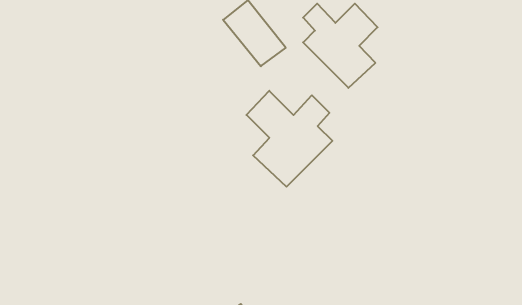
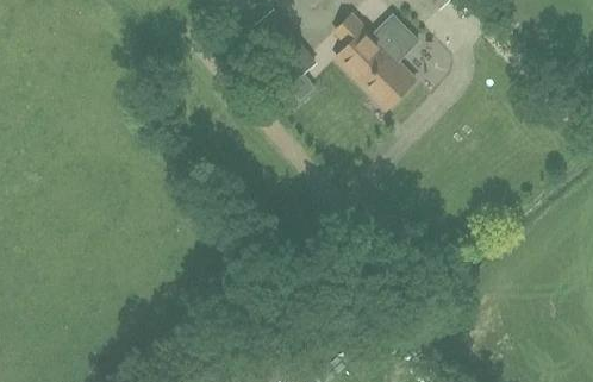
building: [246,91,332,187] -> none

